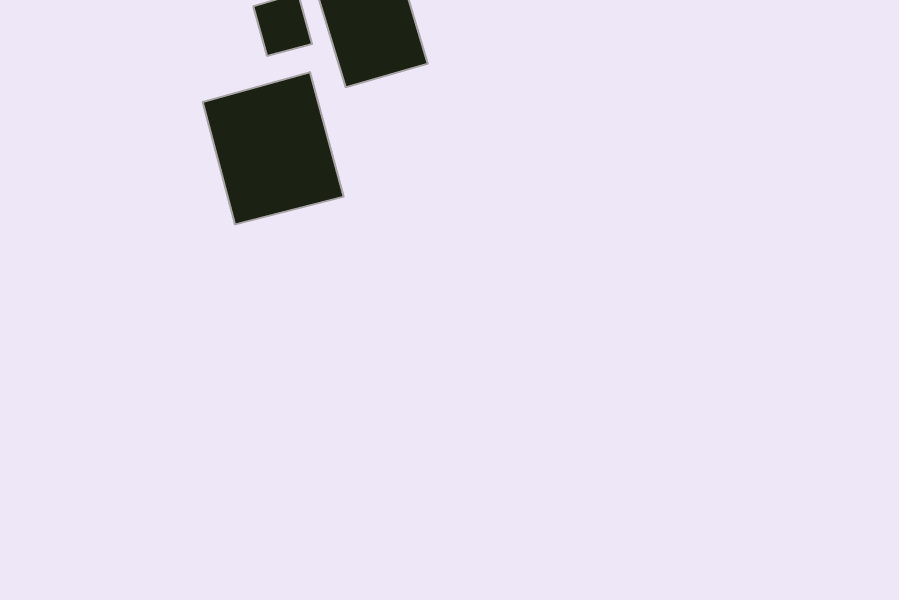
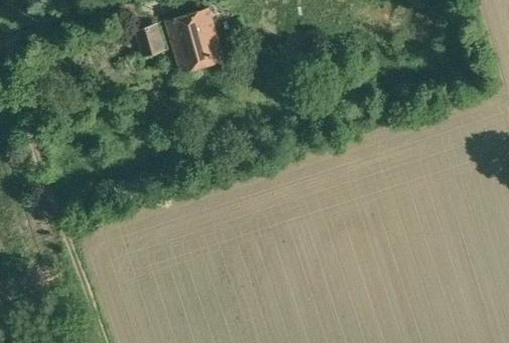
building: [203,72,344,224] -> none

